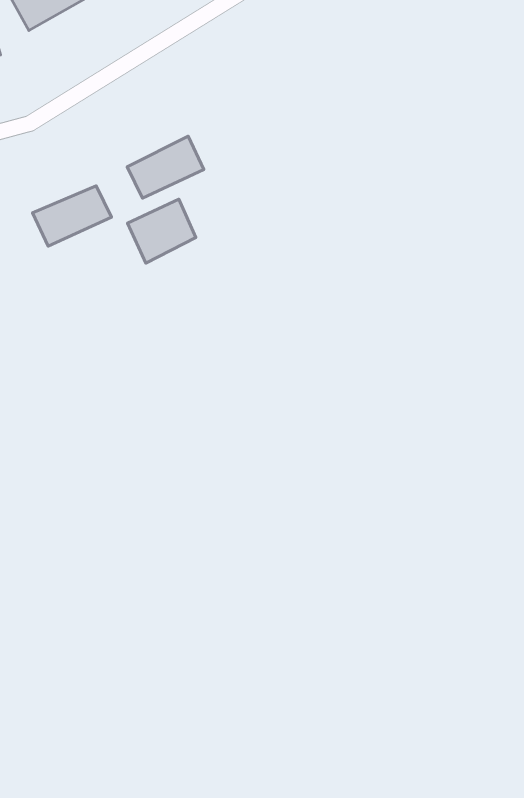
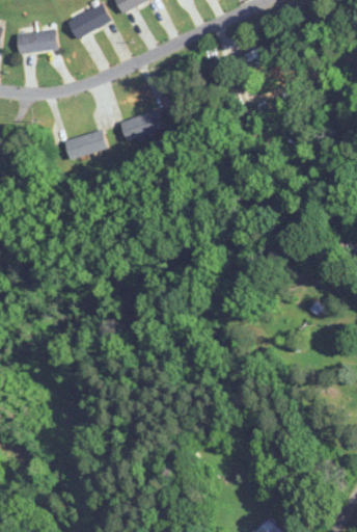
building: [127,199,196,263] -> none

